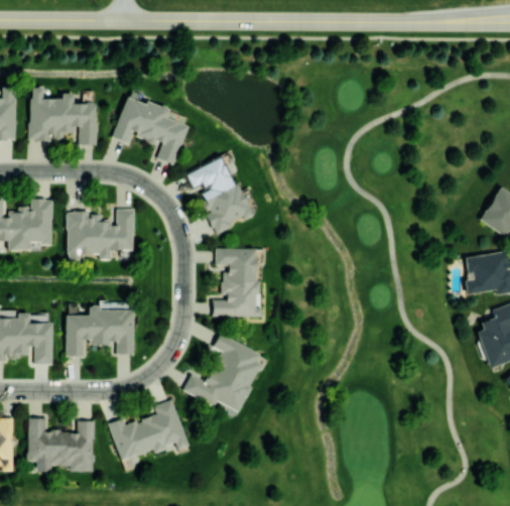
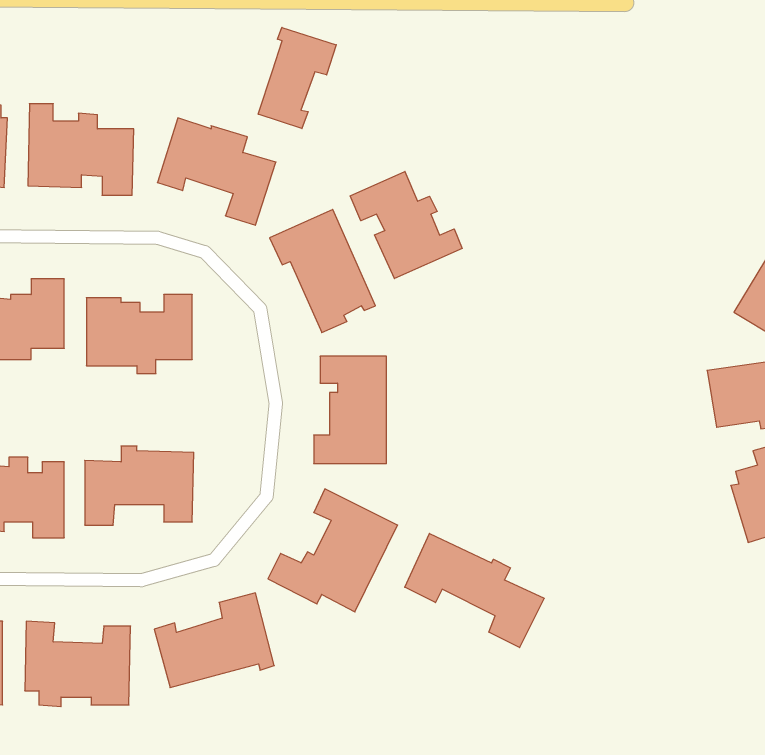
building: none -> [258,27,336,129]
building: none -> [350,171,462,279]
building: none -> [405,533,544,648]

